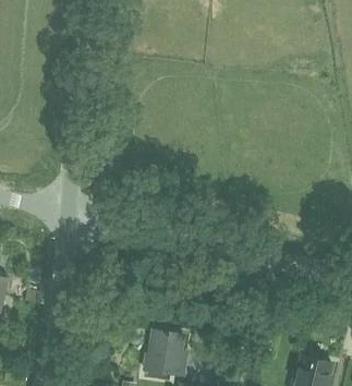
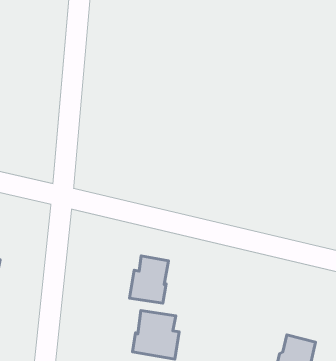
building: none -> [129,256,169,303]

